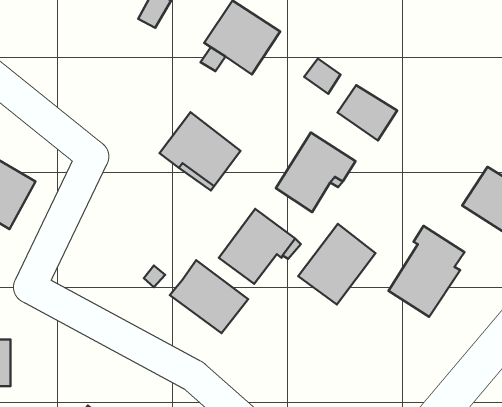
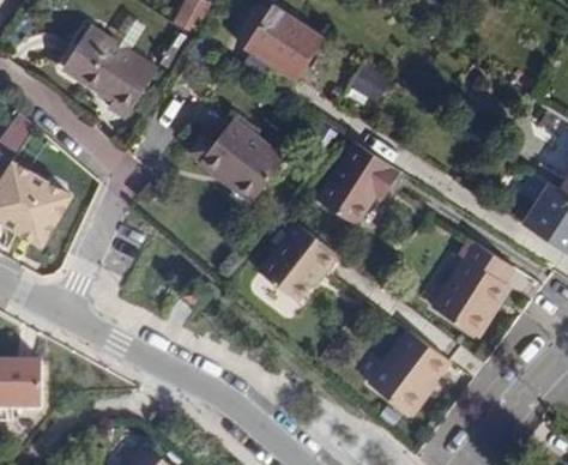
building: none -> [62,25,156,115]
building: [338,85,397,140] -> none
building: [298,224,376,304] -> [369,326,451,411]
building: [170,260,248,333] -> none

